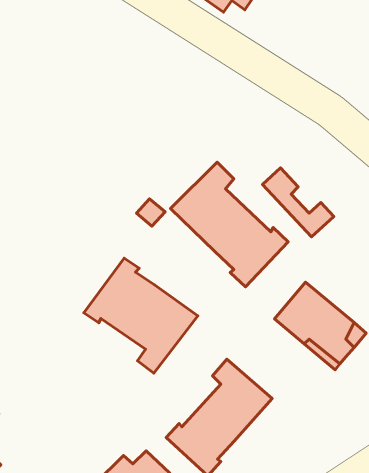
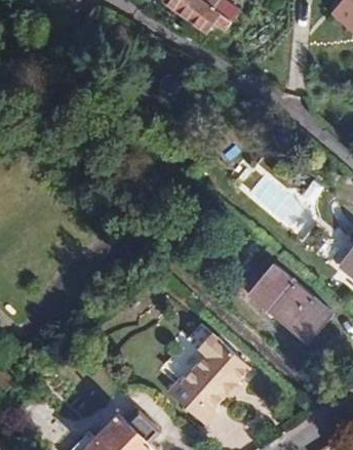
building: [171,162,288,287] -> none
building: [84,258,198,373] -> none

